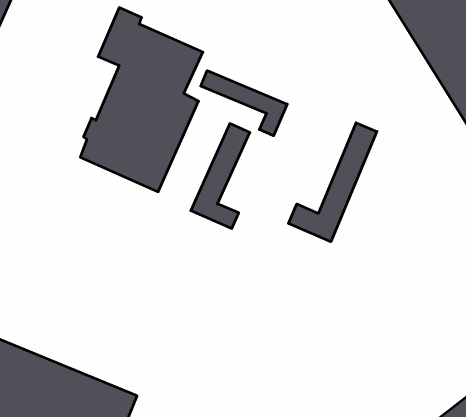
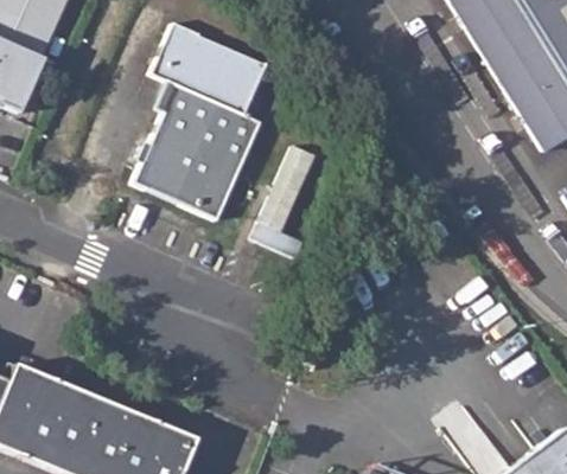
building: [201,71,287,136] -> none
building: [288,123,377,242] -> none

